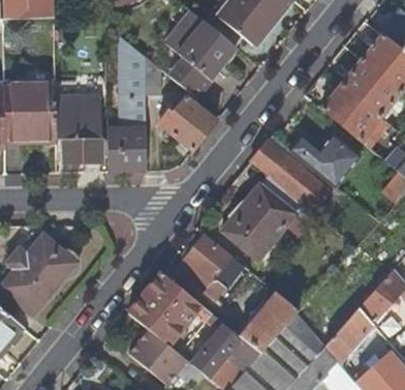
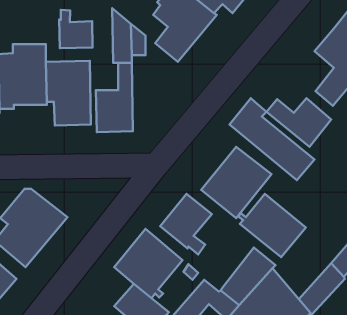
building: none -> [59,10,92,48]
building: [320,84,361,126] -> none
building: [160,95,217,149] -> none
building: none -> [238,194,306,257]

